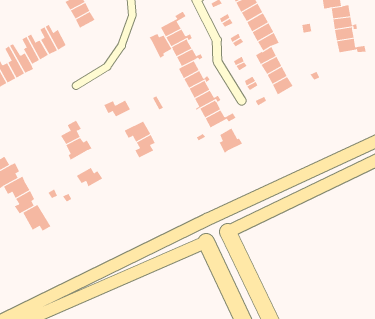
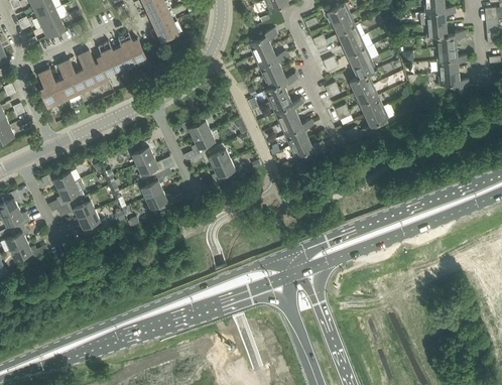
building: [149,33,172,59] -> none
building: none -> [191,131,223,156]
building: [219,128,243,154] -> none
building: none -> [135,172,164,199]
building: [23,204,51,232] -> none

